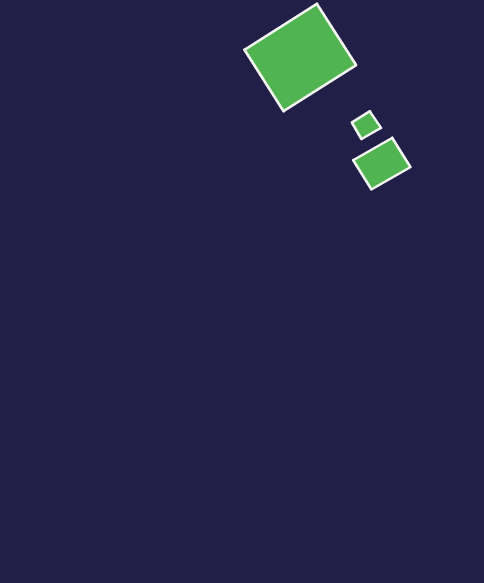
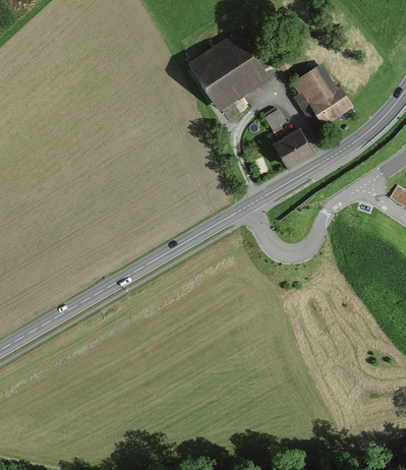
building: none -> [290,63,348,125]

